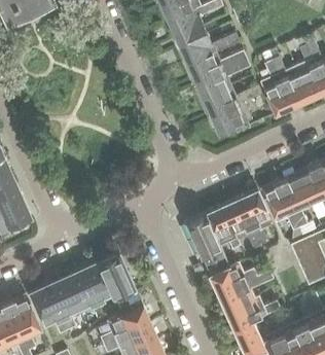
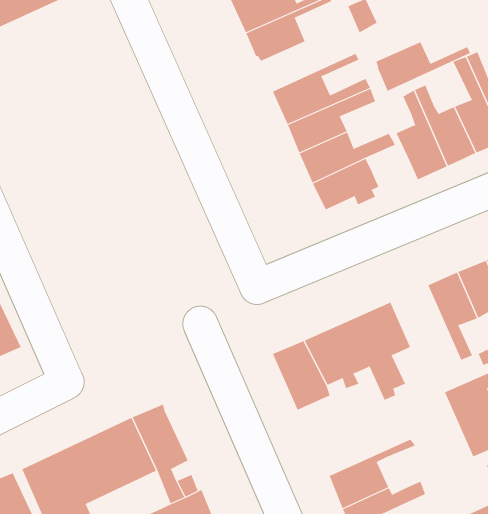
building: [179,31,238,62] -> [376,41,471,91]
building: [263,181,302,232] -> none
building: [210,260,272,298] -> none

